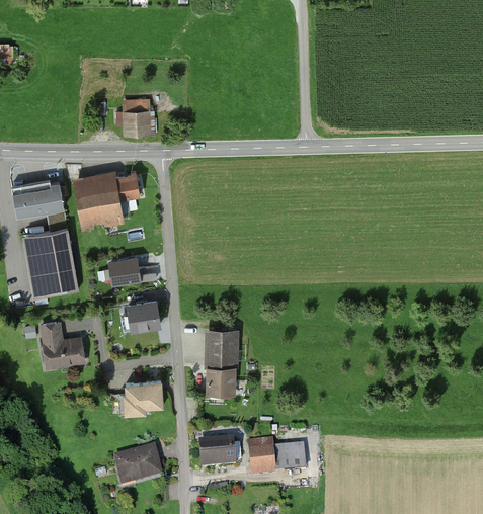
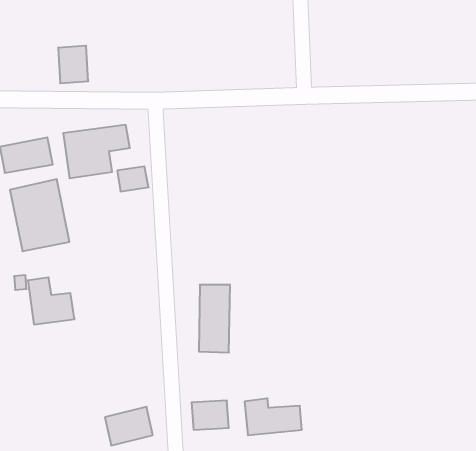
building: [123,99,152,136] -> [58,46,88,83]
building: [110,259,141,283] -> [117,166,149,191]
building: [127,299,160,330] -> none
building: [122,380,162,413] -> none

